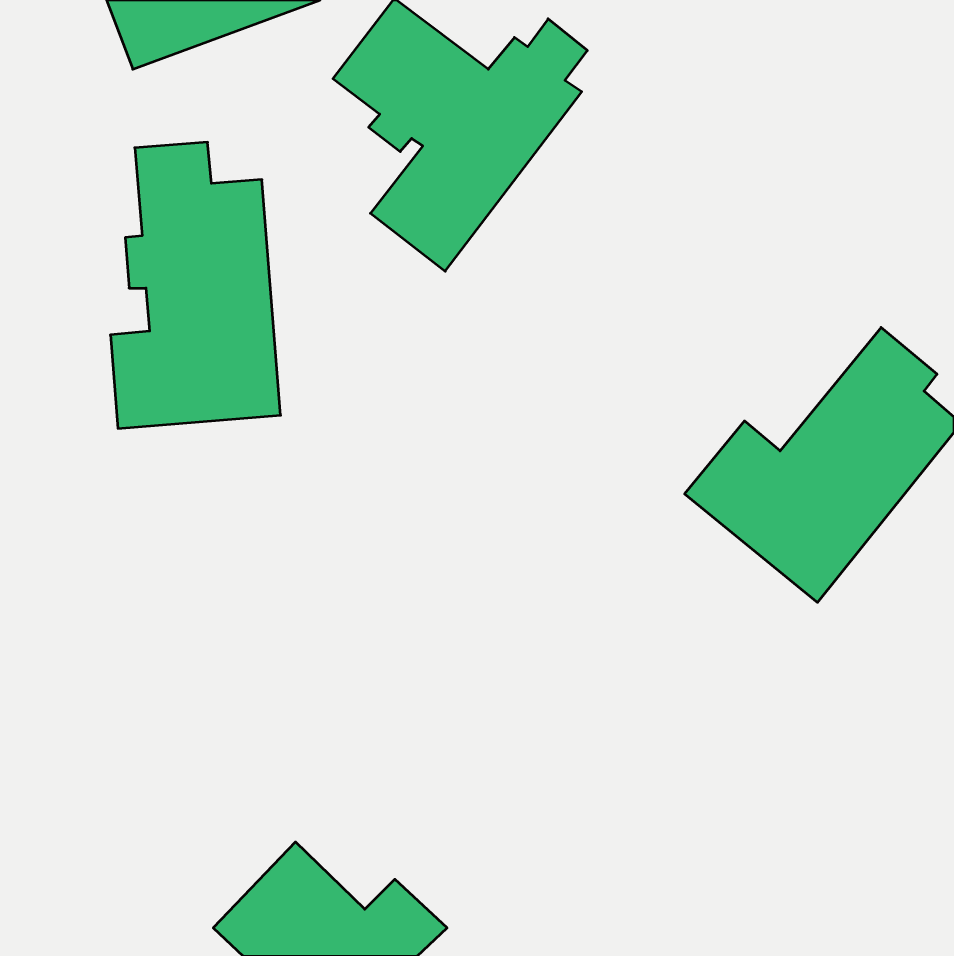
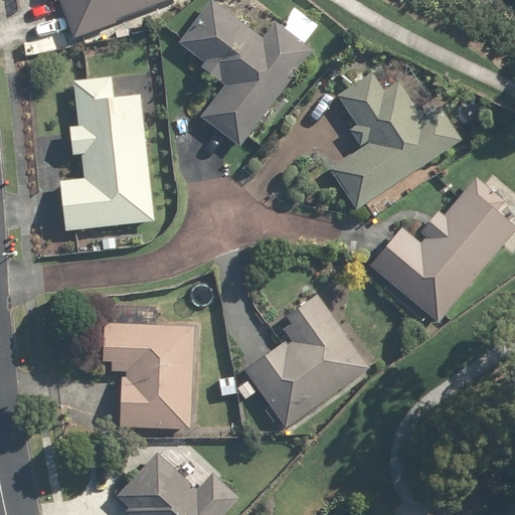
building: none -> [329,73,461,209]
building: none -> [242,298,370,431]
building: none -> [111,324,191,428]

